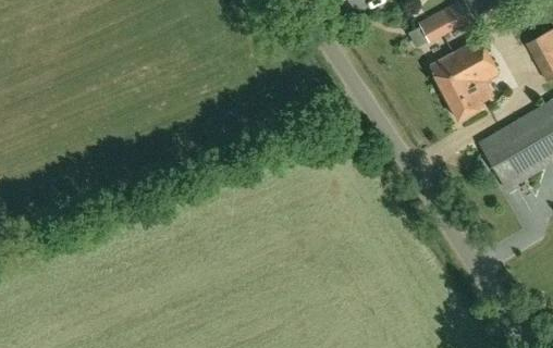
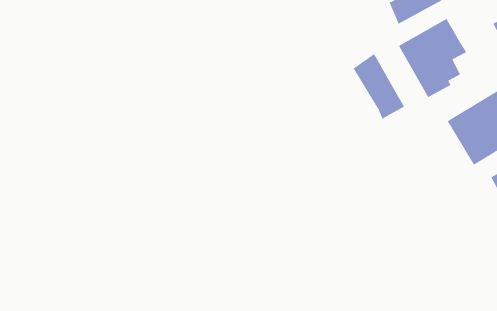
building: none -> [353,53,405,120]

